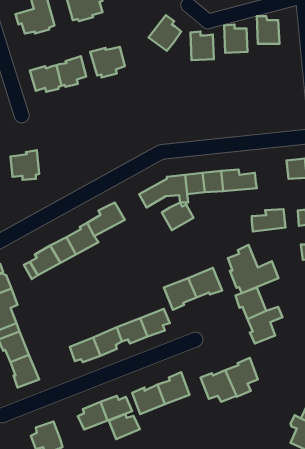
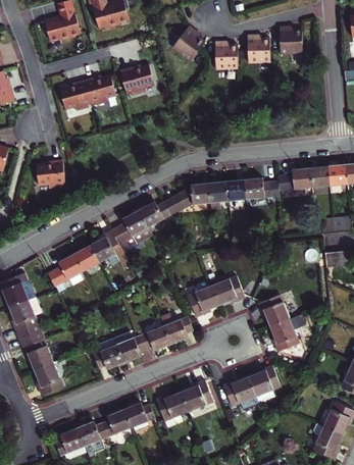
building: [162,202,193,230] -> [139,200,170,227]
building: [252,209,286,232] -> [279,168,312,191]
building: [228,245,279,293] -> none
building: [109,414,140,439] -> [78,421,108,447]

